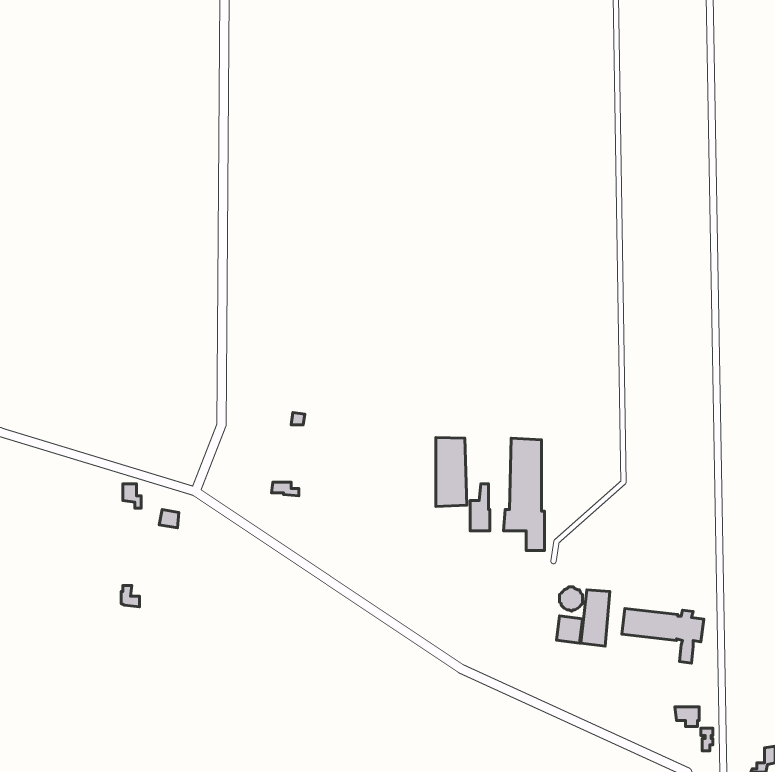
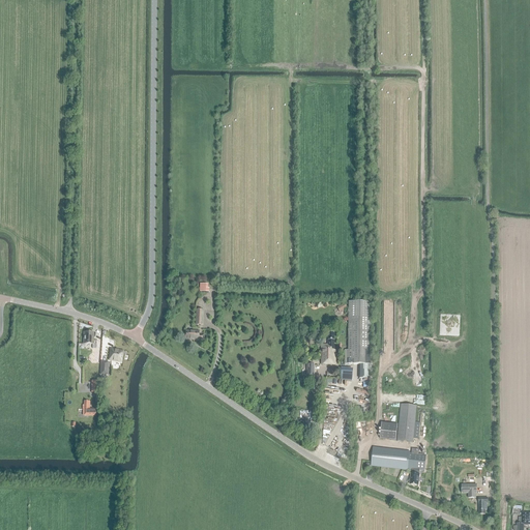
building: [436,438,467,506] -> none
building: [622,609,704,663] -> [371,446,426,483]

